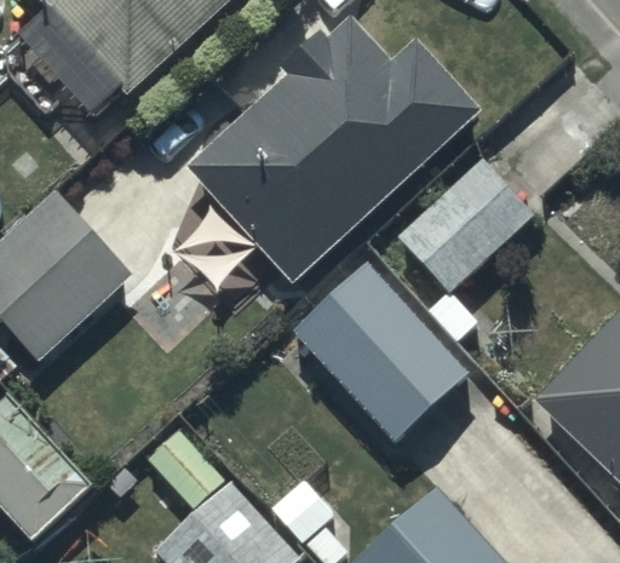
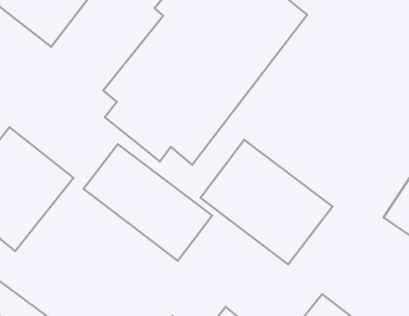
building: [401,159,534,291] -> none
building: none -> [84,144,212,261]

